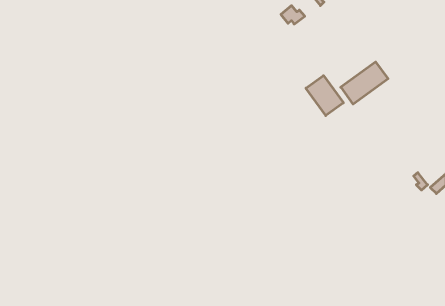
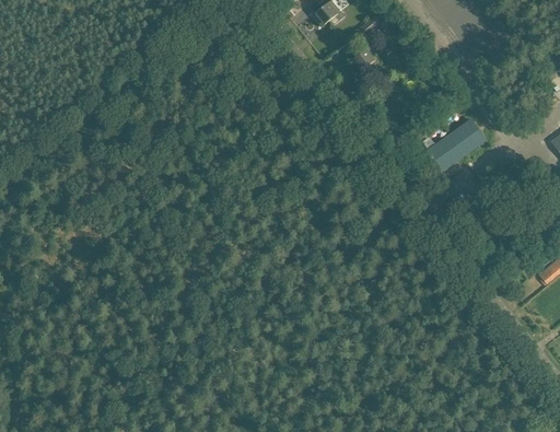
building: [306,76,343,116] -> none

